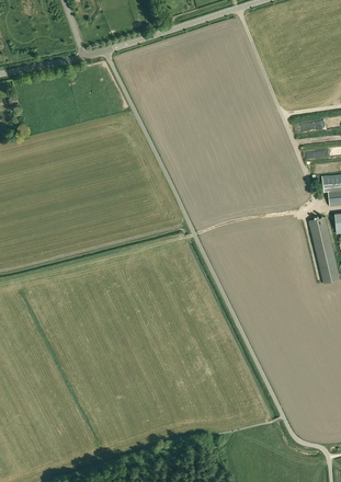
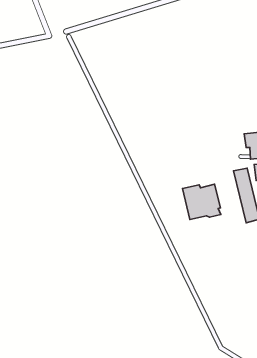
building: none -> [182,184,221,219]

